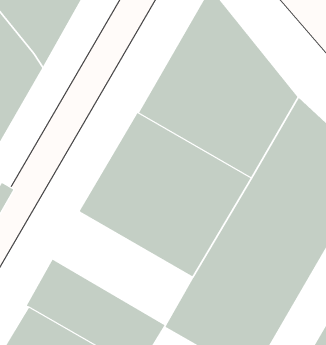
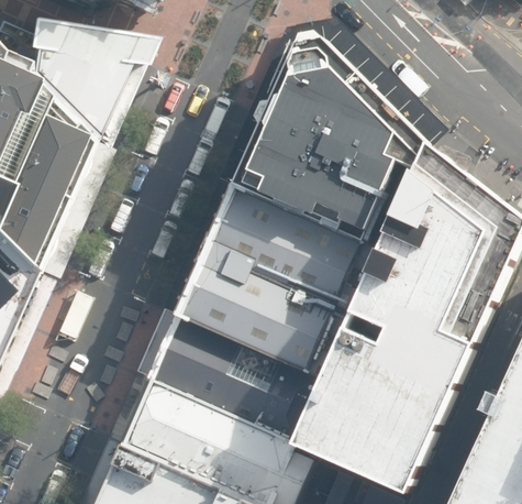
building: none -> [143,318,319,447]

